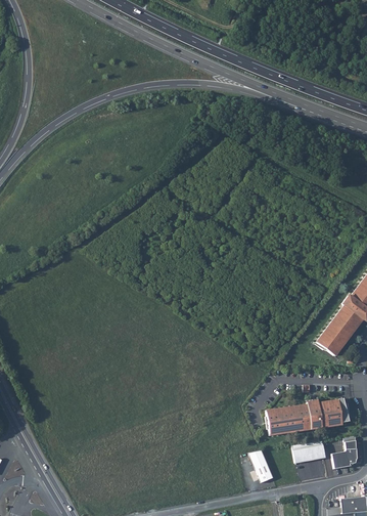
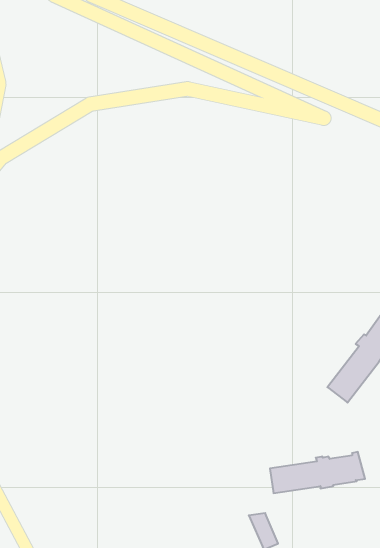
building: [331,436,357,469] -> none
building: [291,441,325,464] -> none

